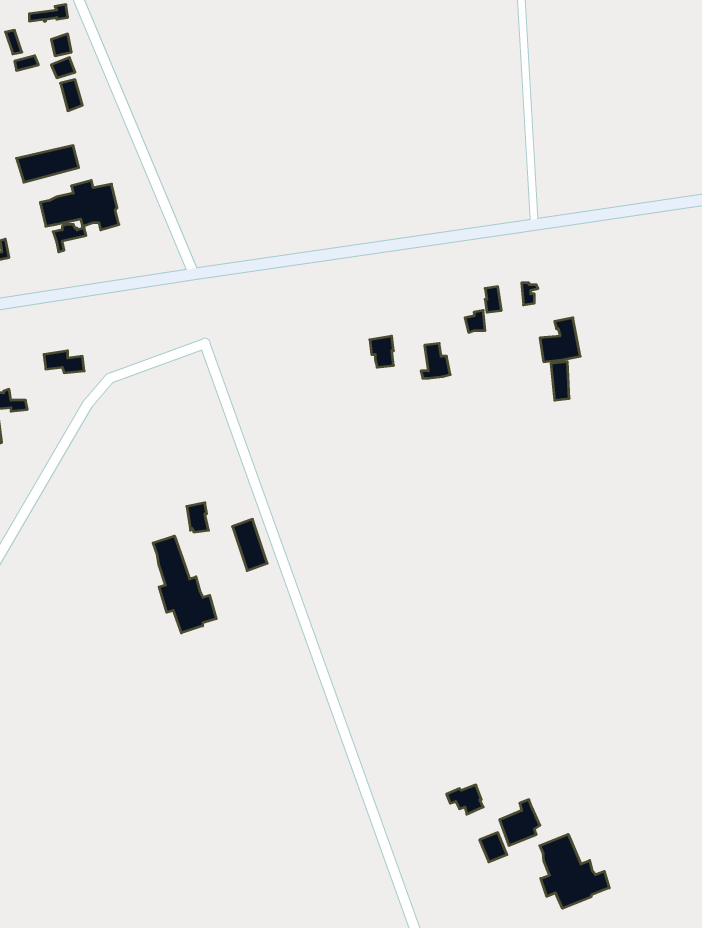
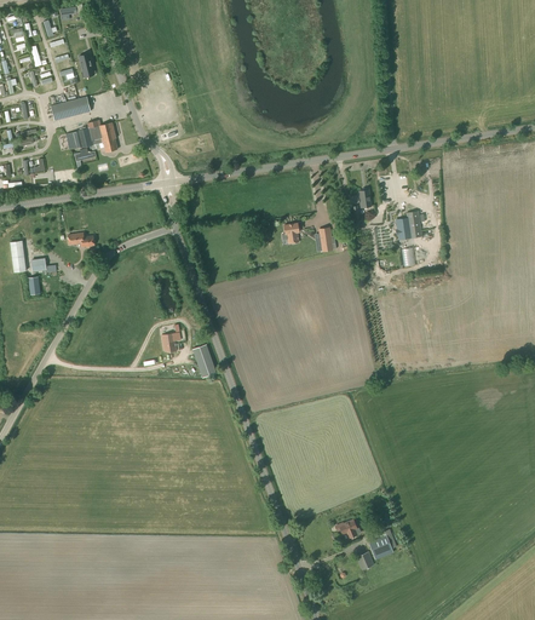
building: [153,536,216,633] -> none
building: [540,834,609,908] -> none

